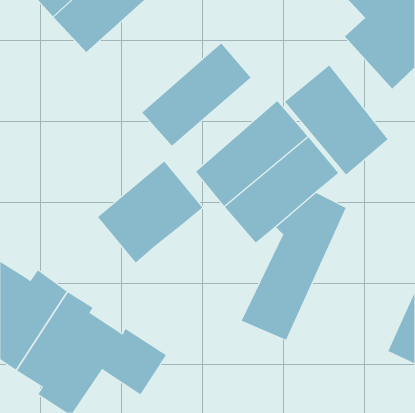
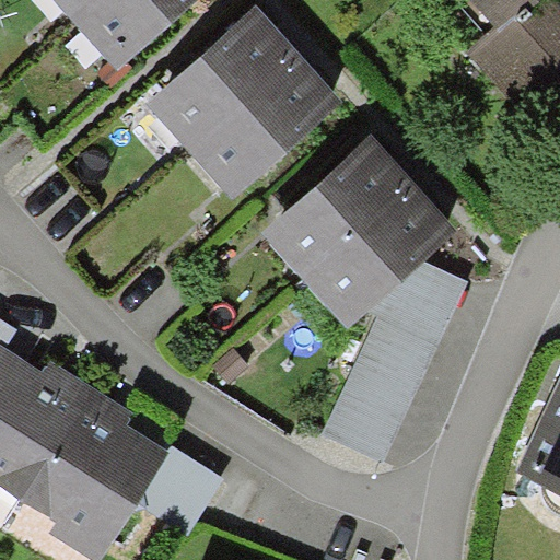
building: none -> [149,9,298,151]
building: [284,64,388,176] -> none
building: [97,161,203,263] -> none

